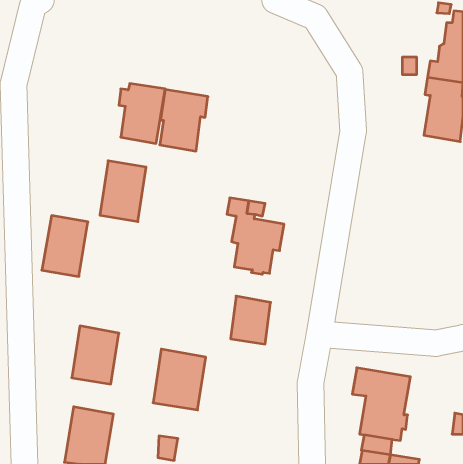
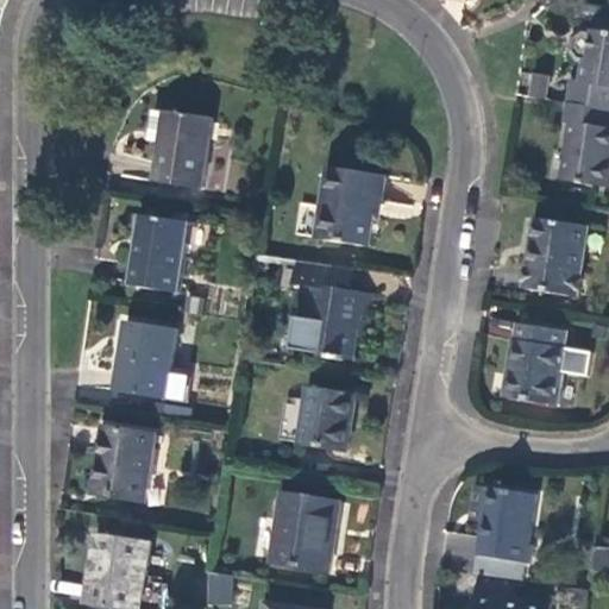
building: [160,89,208,151] -> [322,165,385,246]
building: none -> [521,215,585,295]
building: [42,216,88,276] -> [117,320,177,400]
building: none -> [502,322,564,407]
building: [153,349,206,410] -> [270,492,339,572]

